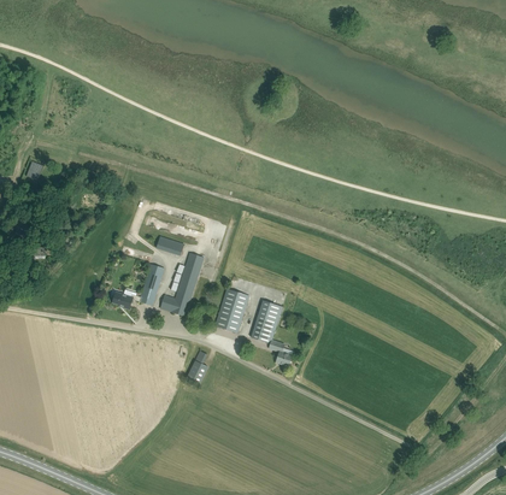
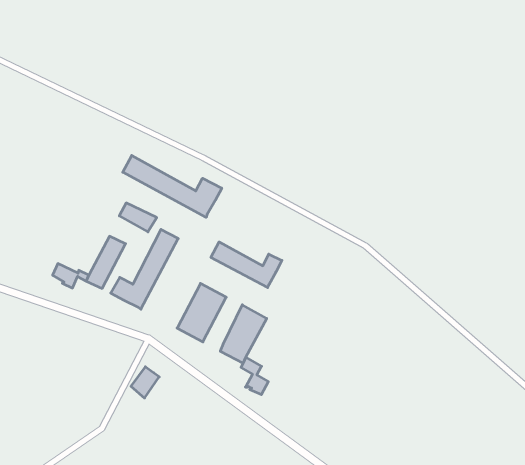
building: none -> [123,155,222,217]
building: none -> [211,242,282,288]

